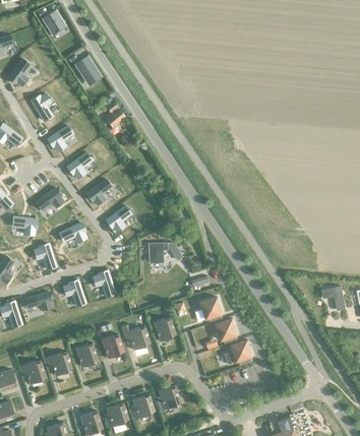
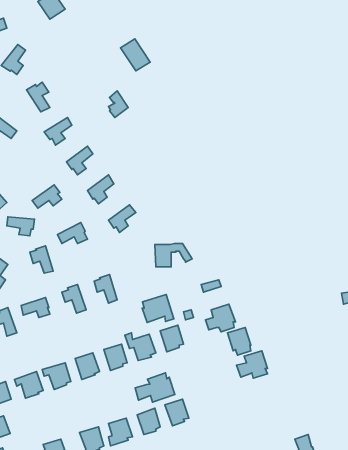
building: [73,56,101,85] -> [120,39,150,71]
building: none -> [142,294,174,323]
building: none -> [135,373,175,402]

